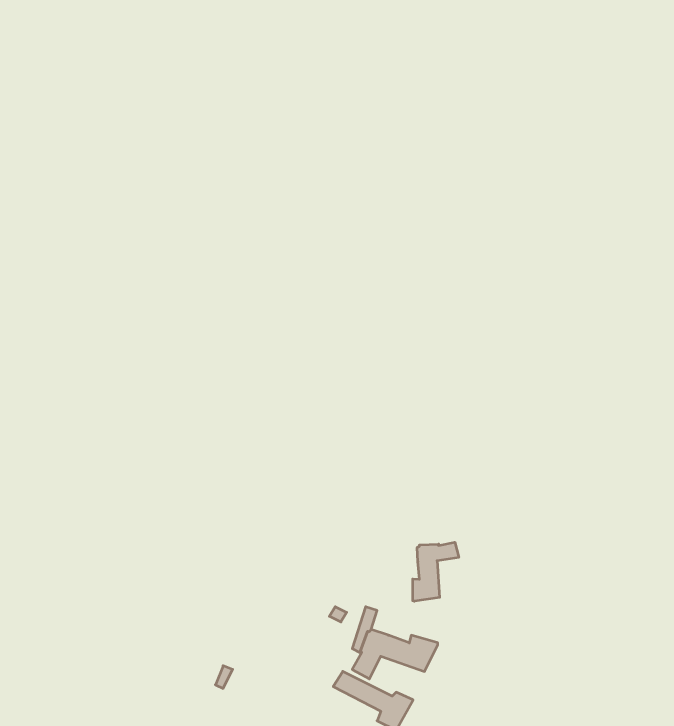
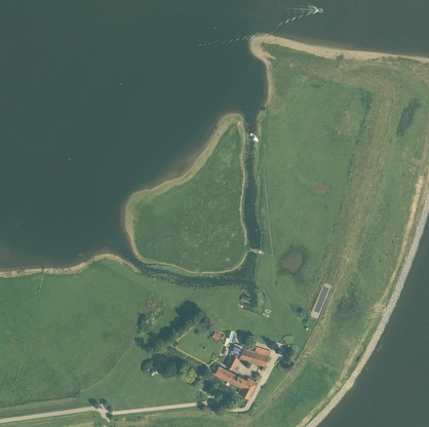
building: [413,542,459,601] -> none

